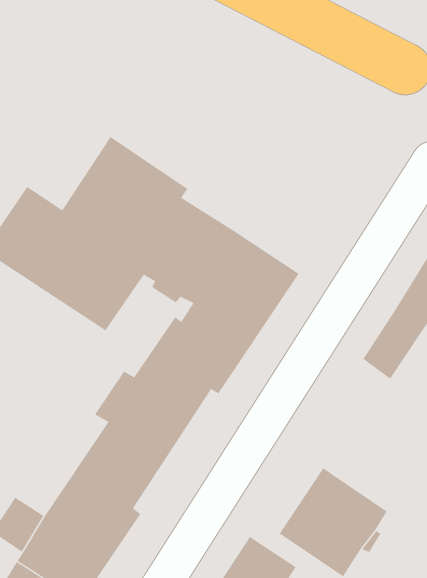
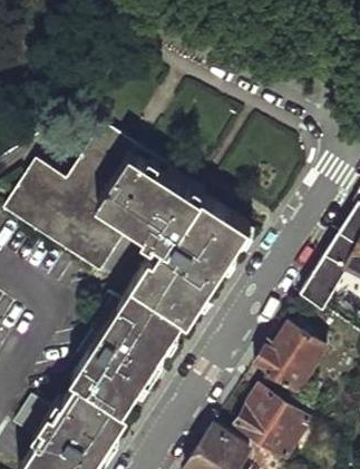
building: none -> [254,322,323,391]

